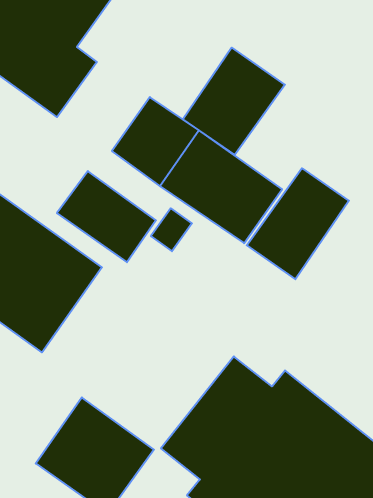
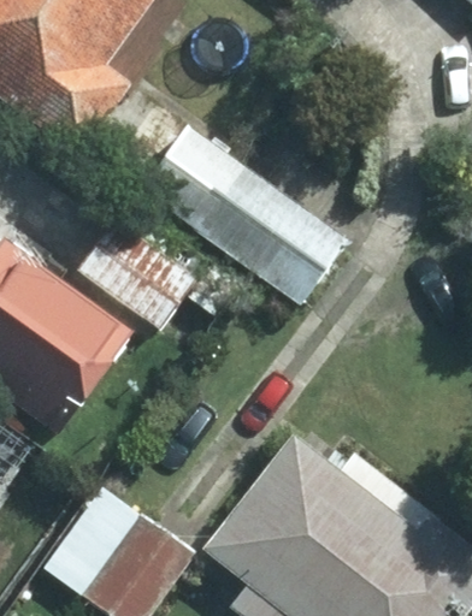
building: [183,48,285,155] -> none
building: [247,168,349,279] -> none

